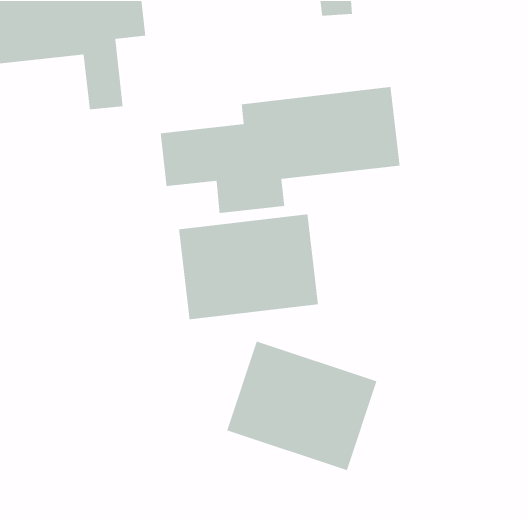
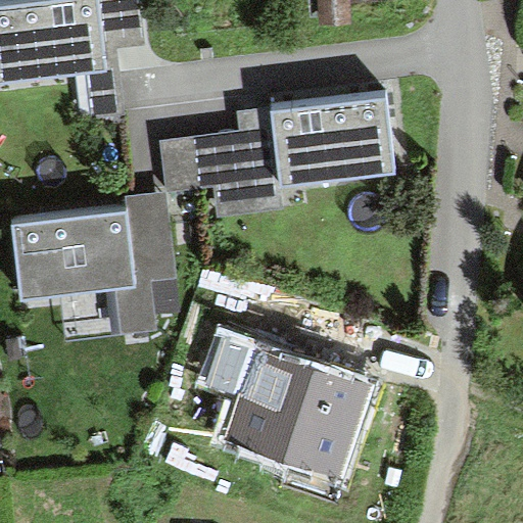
building: none -> [9,193,175,335]
building: [178,214,319,320] -> none

